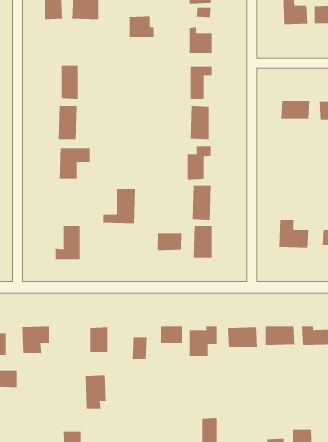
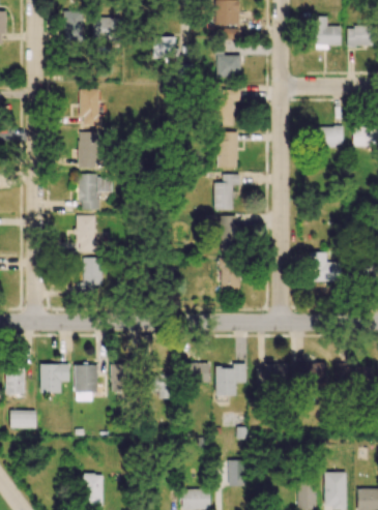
building: [102,188,136,224] -> [62,215,97,252]
building: [157,232,182,251] -> none
building: [85,375,106,409] -> [76,364,98,400]

